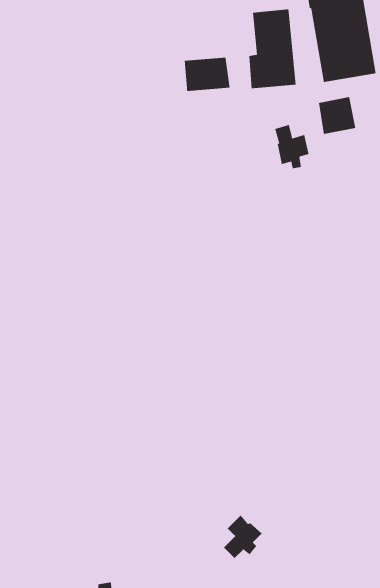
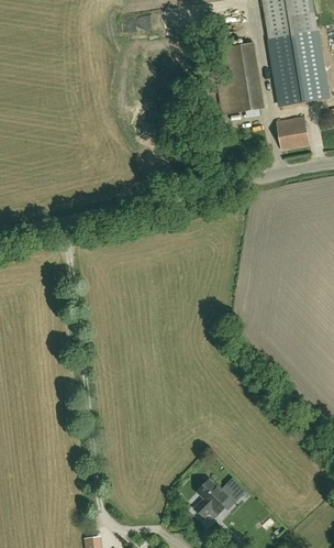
building: [184,57,230,92] -> none
building: [275,124,309,169] -> none

